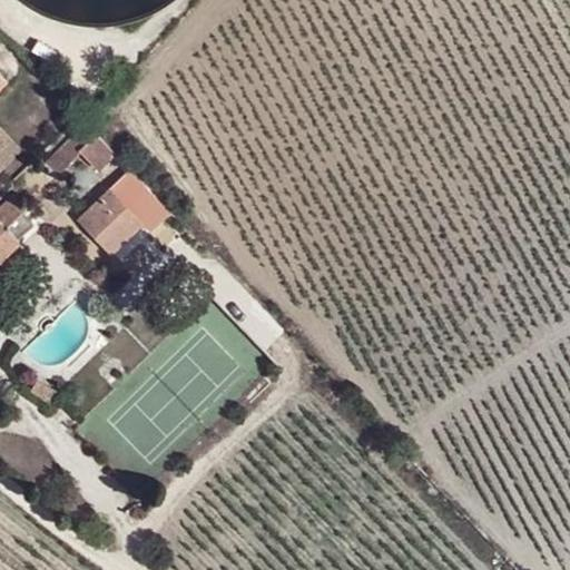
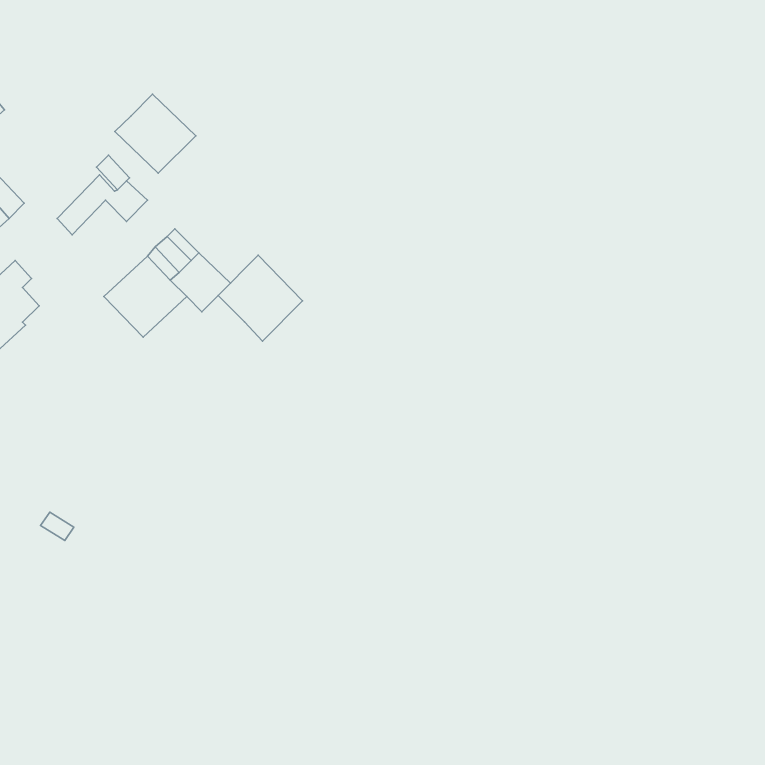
building: none -> [115,94,196,173]
building: none -> [218,255,303,341]

